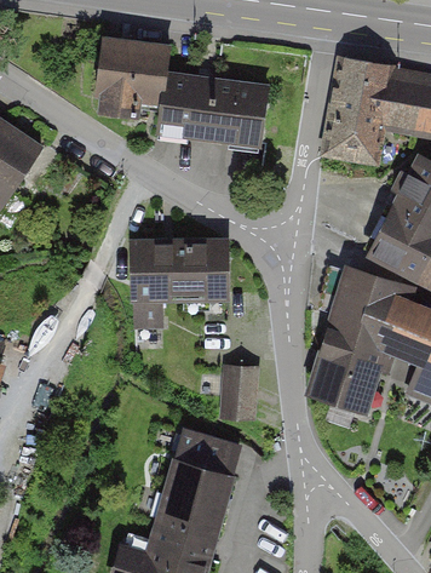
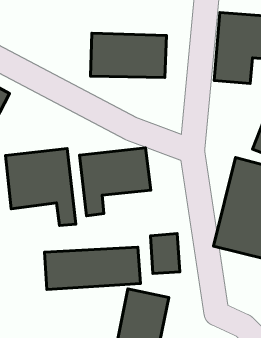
building: [98,39,165,115] -> none
building: none -> [5,148,76,226]
building: none -> [44,247,141,289]

